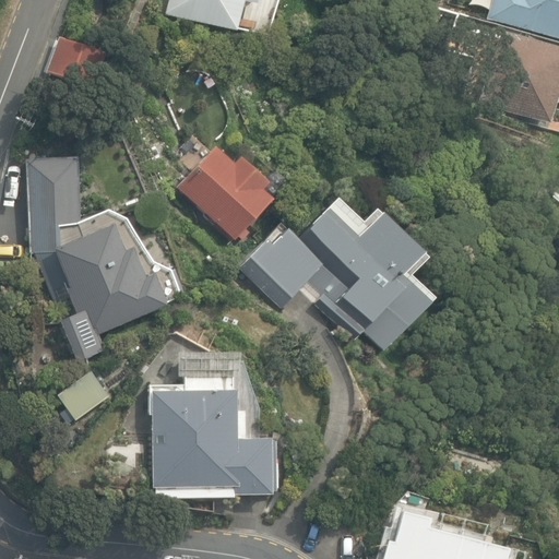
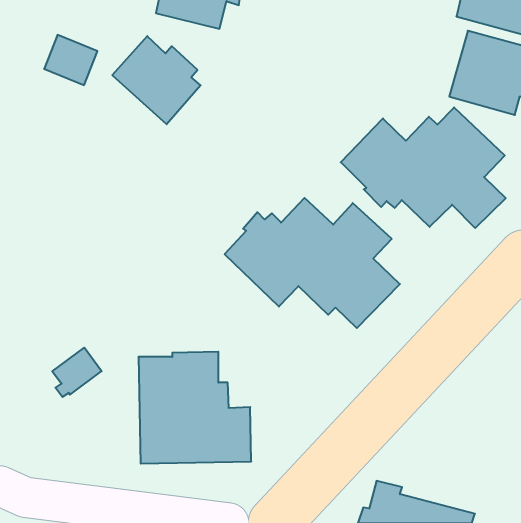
building: none -> [341,107,506,228]
building: [178,146,272,240] -> [112,36,201,124]
building: [28,169,187,361] -> none

